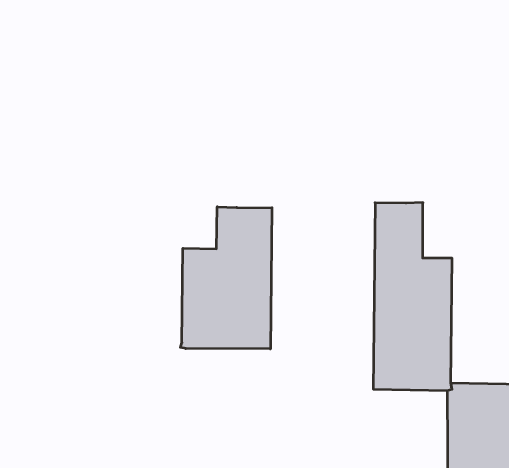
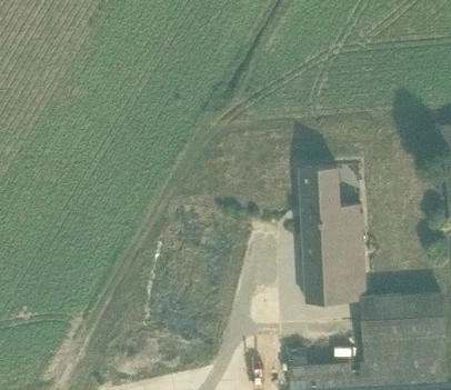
building: [180,207,272,349] -> none

